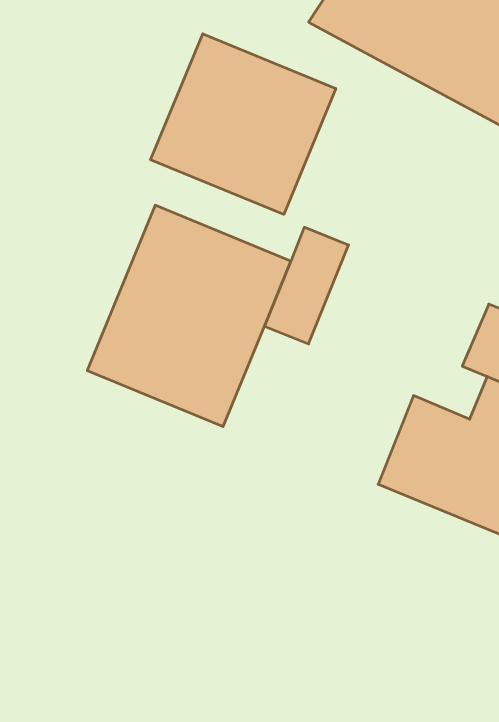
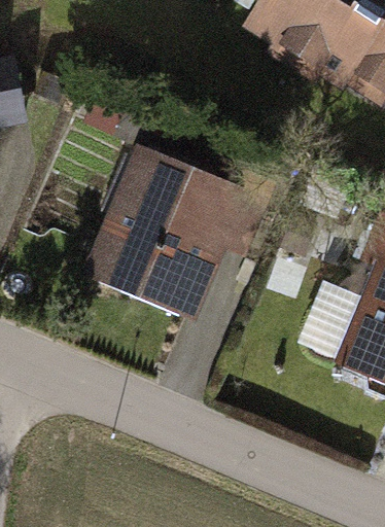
building: [151,34,336,214] -> none

